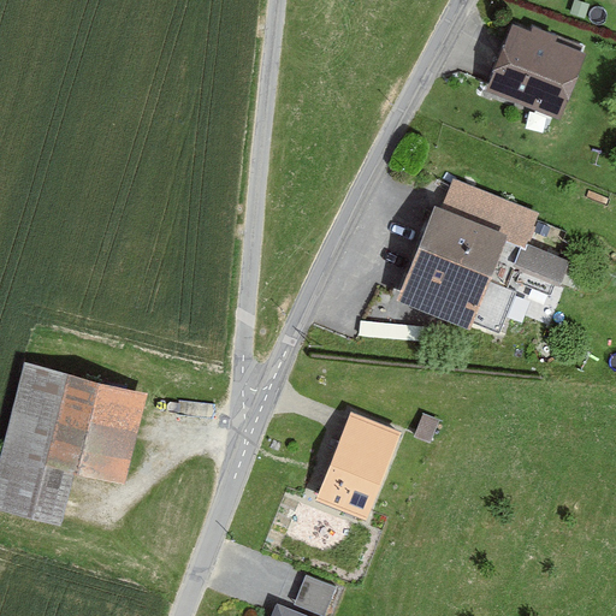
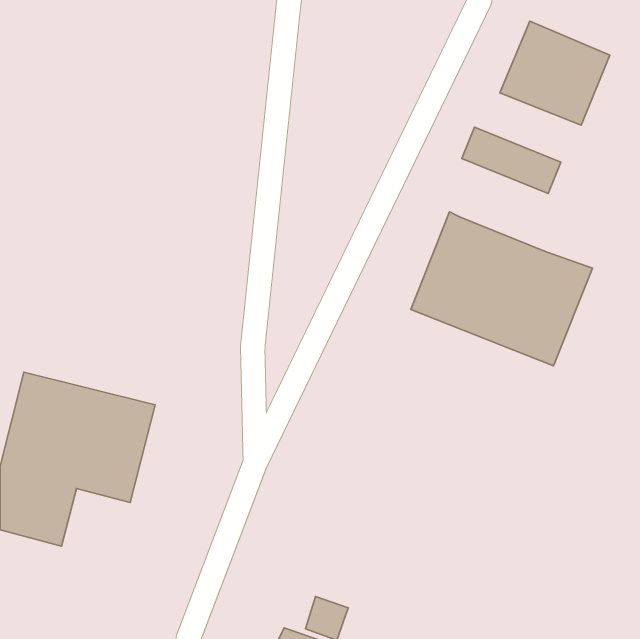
building: [442,179,537,243] -> [462,127,561,194]
building: [316,410,398,519] -> none

